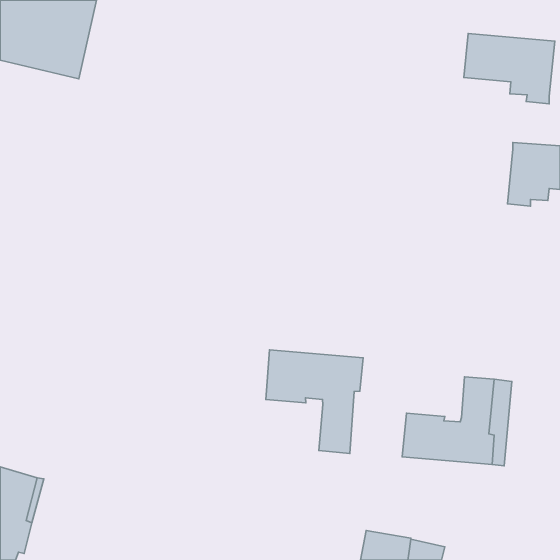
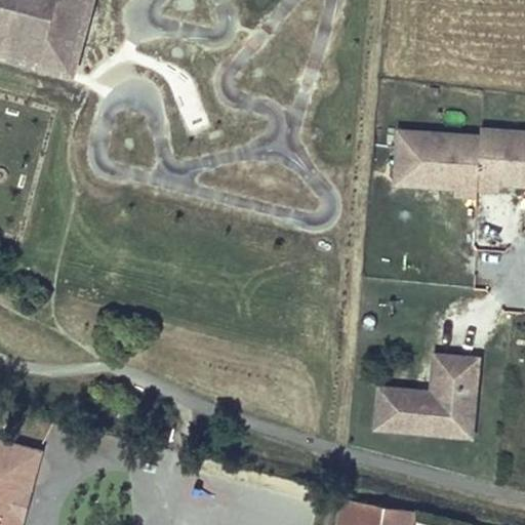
building: [464,34,555,104] -> [395,132,480,198]
building: [266,350,363,453] -> none

